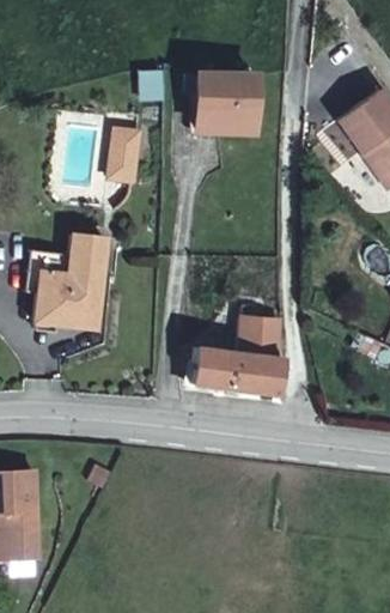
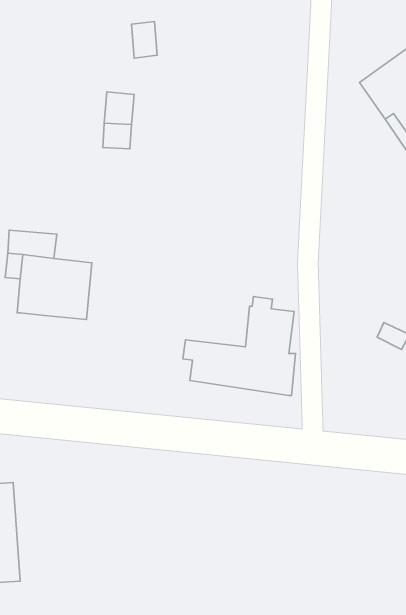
building: [196,74,256,132] -> none
building: [69,235,108,279] -> none

